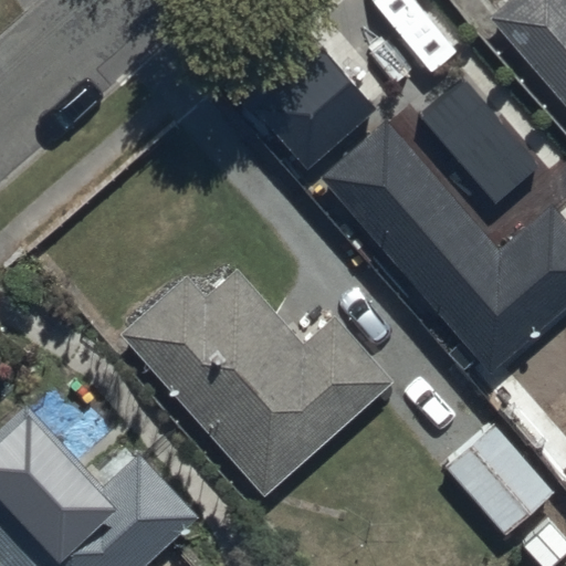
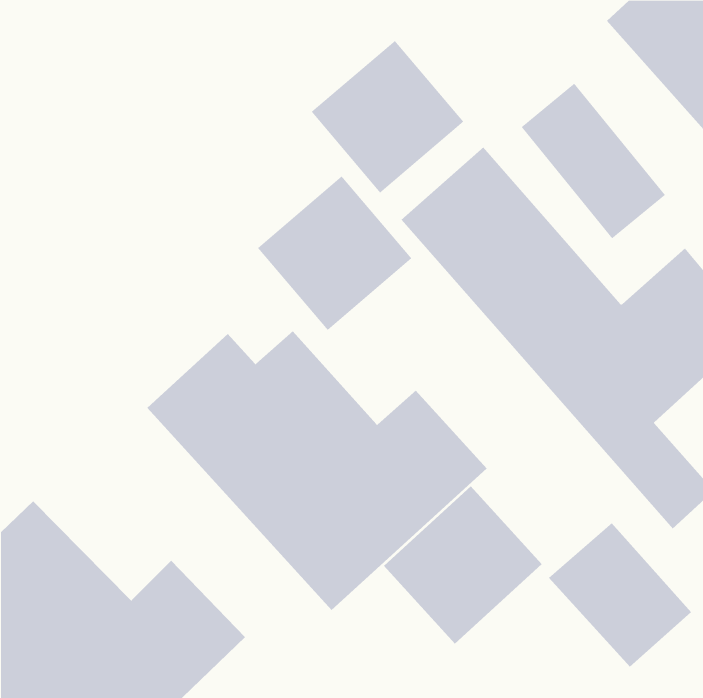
building: none -> [257,175,412,331]
building: none -> [383,486,543,645]

